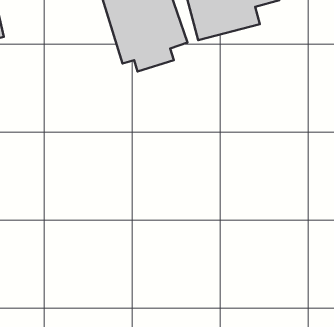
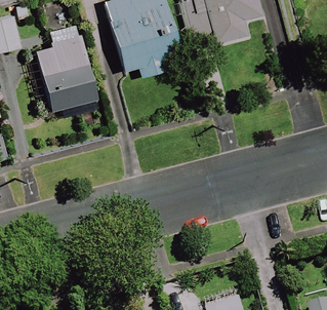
building: none -> [35,23,93,106]

